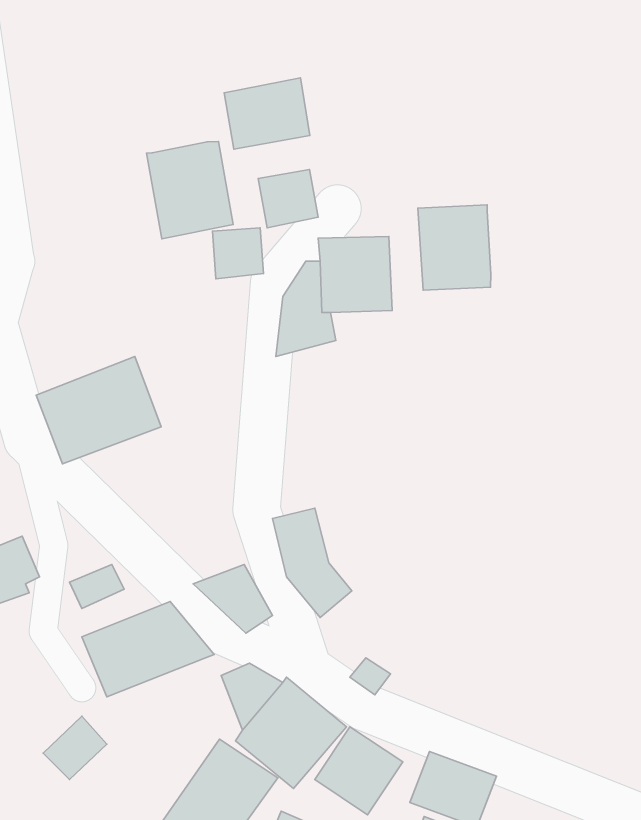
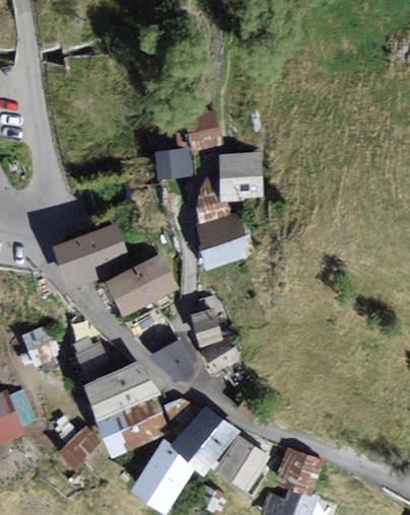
building: [224,78,310,149] -> none
building: [147,141,233,239] -> none
building: [418,205,491,290] -> none
building: none -> [195,211,253,267]
building: none -> [110,256,169,310]
building: none -> [97,396,168,455]

